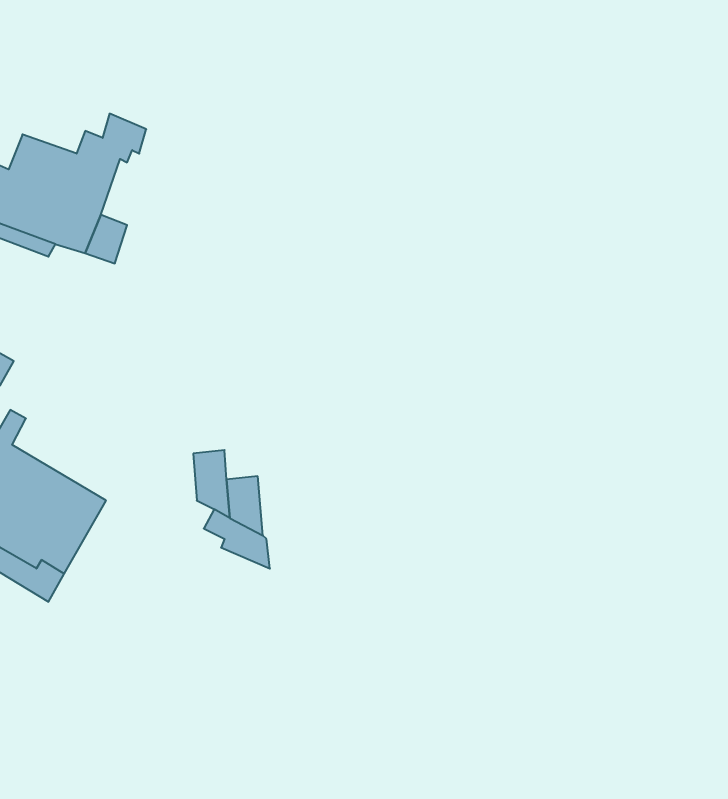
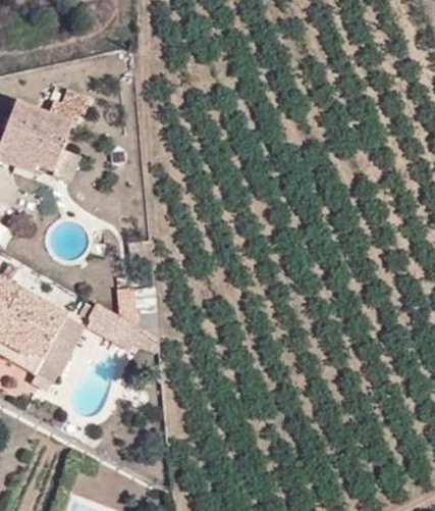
building: none -> [88,302,134,348]
building: none -> [29,314,84,390]

